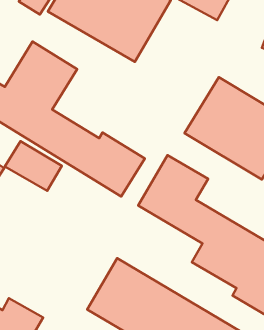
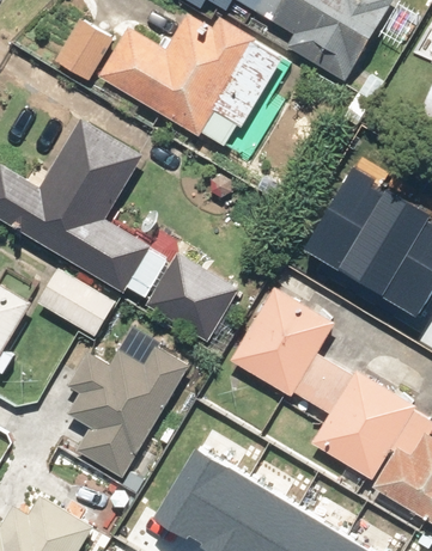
building: none -> [65,342,190,479]

